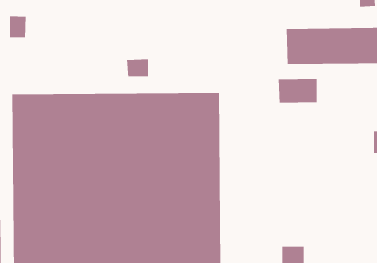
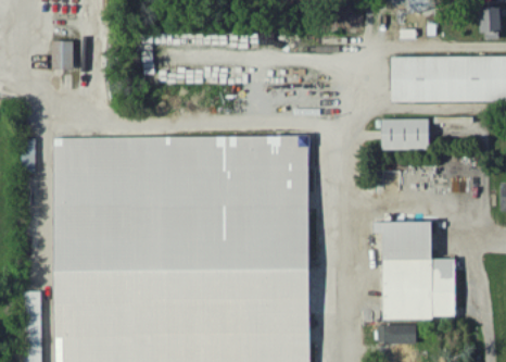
building: [126,58,149,77] -> none
building: none -> [375,222,455,319]

